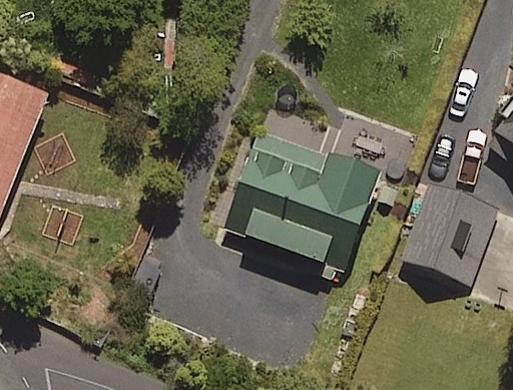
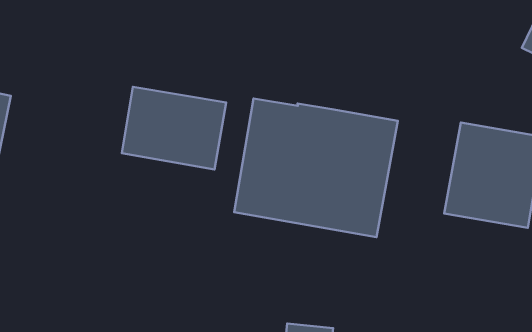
building: none -> [122,87,226,169]

